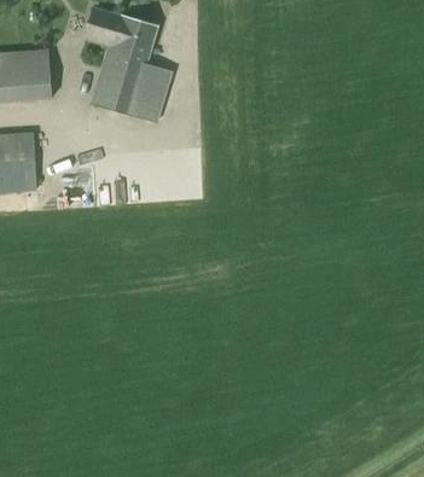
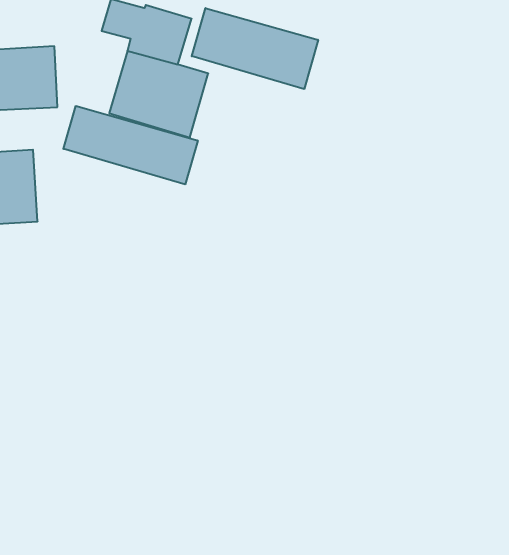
building: none -> [192,8,318,89]
building: none -> [63,106,198,184]

